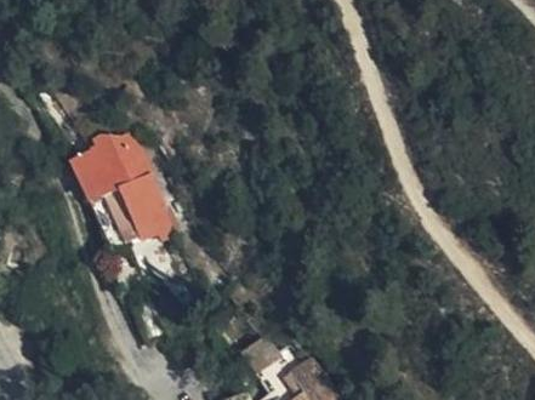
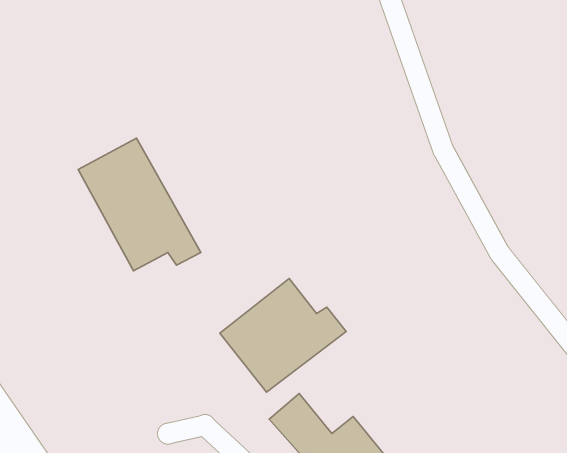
building: none -> [220,279,346,392]

